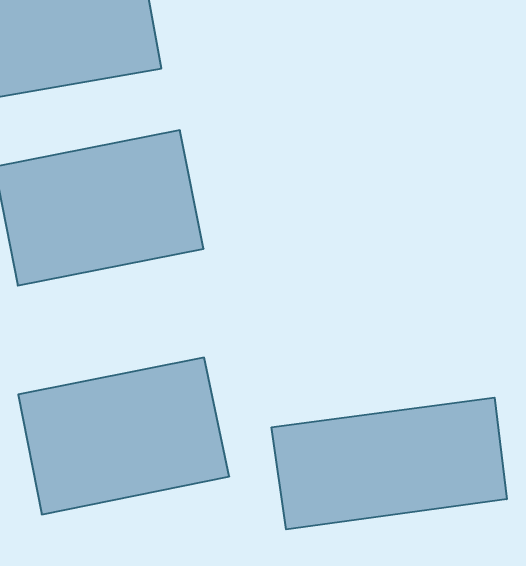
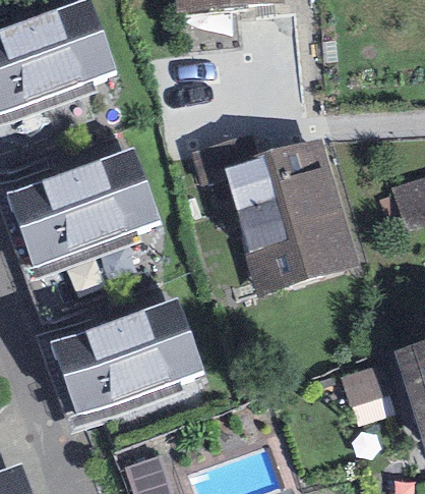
building: none -> [232,135,344,282]
building: [272,398,507,529] -> none

